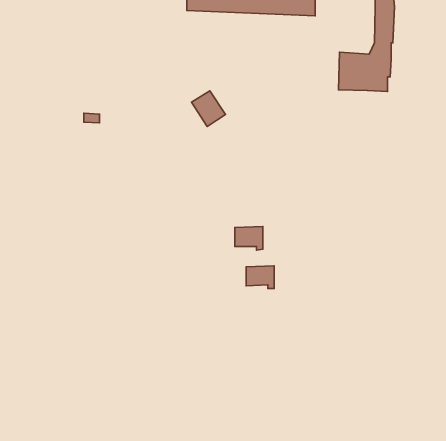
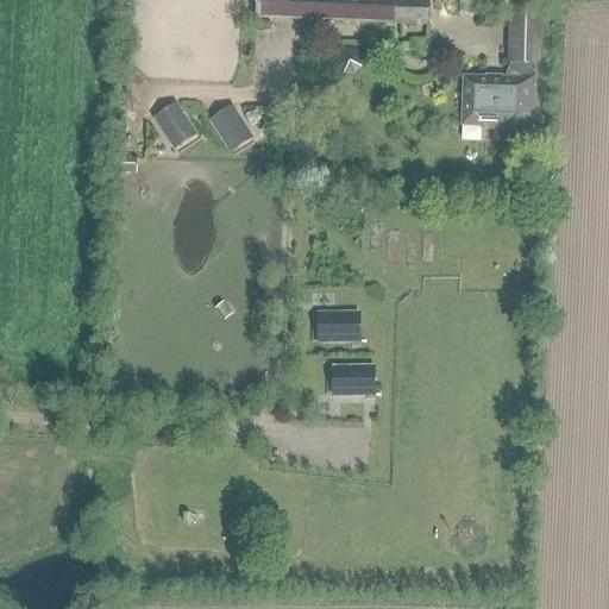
building: none -> [151,98,197,146]
building: [191,91,225,127] -> [207,100,253,149]

